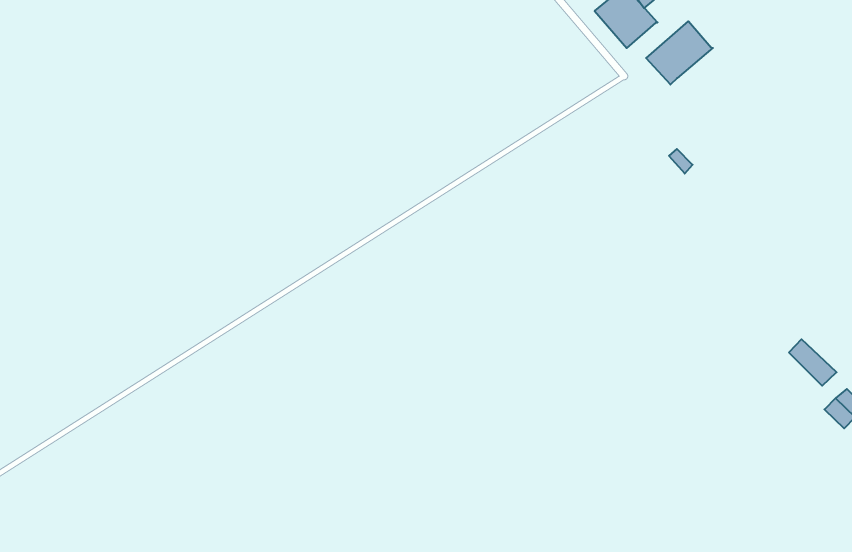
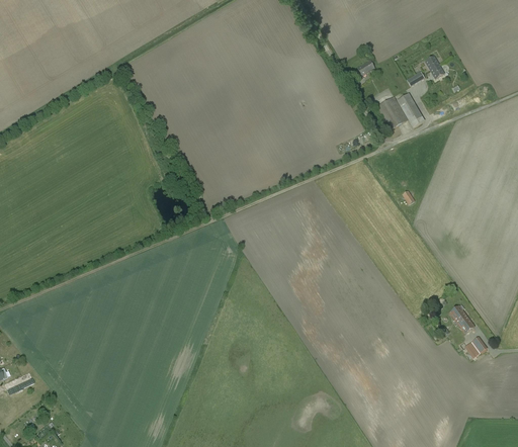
building: [646,21,713,85] -> none

